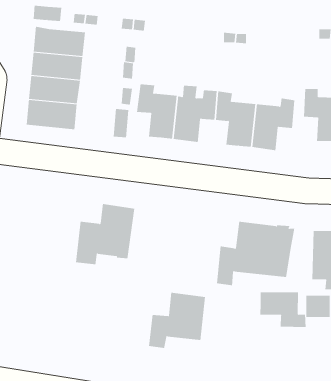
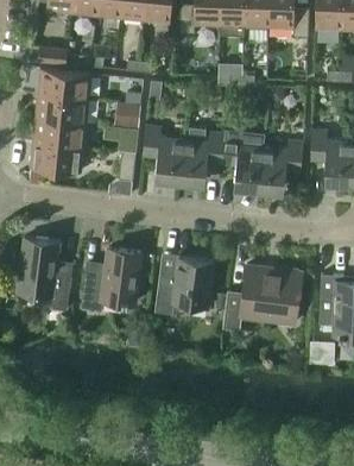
building: none -> [18,239,71,311]
building: [260,292,306,328] -> none
building: [148,292,206,349] -> [156,258,214,315]

